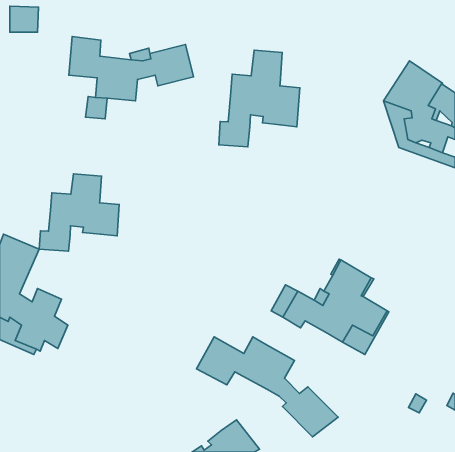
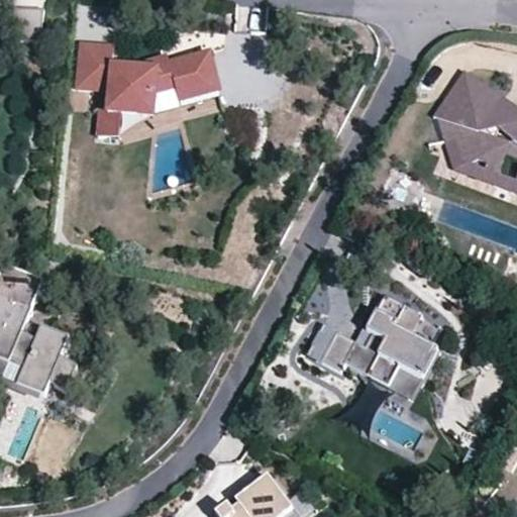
building: [219,50,300,147] -> none
building: [39,174,119,251] -> none
building: [197,337,338,437] -> none

